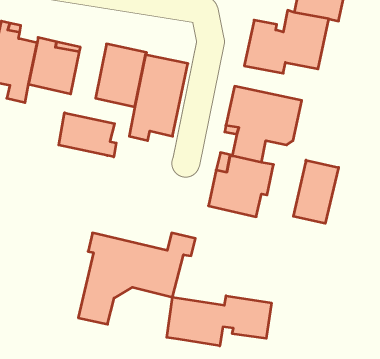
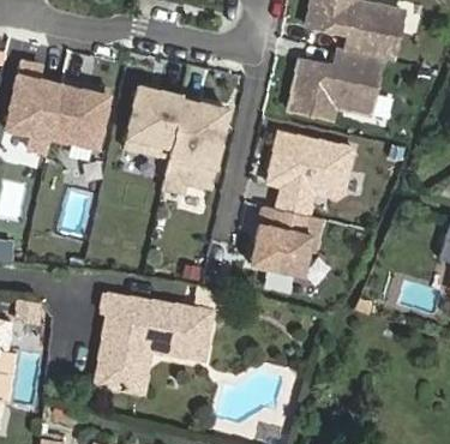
building: [59,113,116,157] -> none
building: [293,160,339,223] -> none
building: [167,296,271,346] -> none

